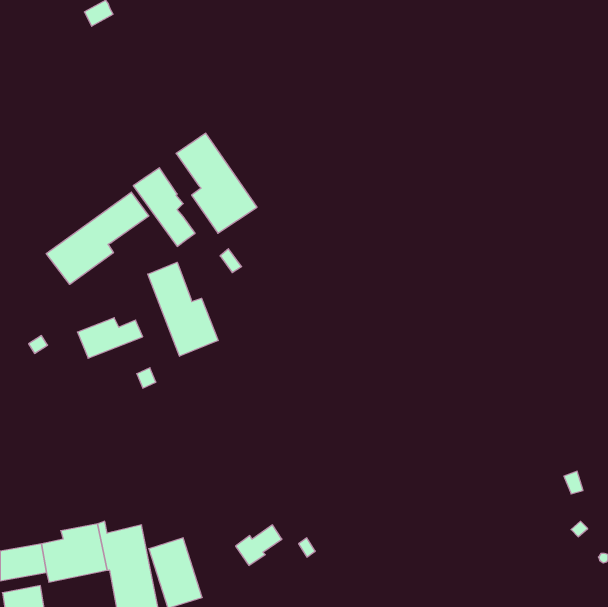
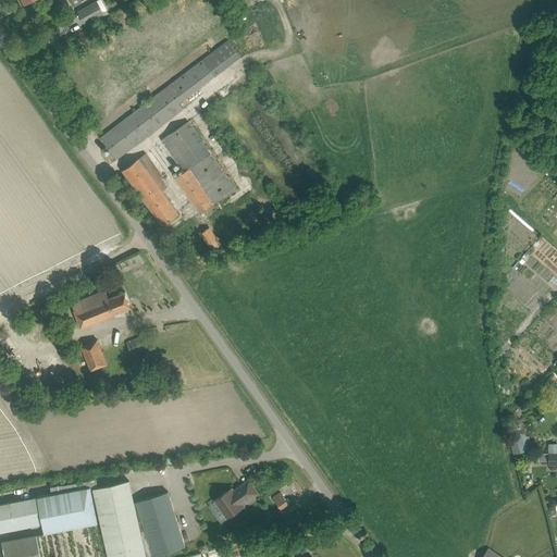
building: none -> [100,42,238,160]
building: [46,192,149,284] -> none
building: [148,262,218,356] -> none
building: none -> [81,341,107,371]

